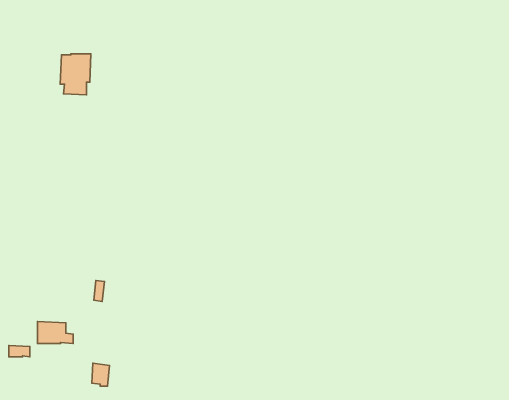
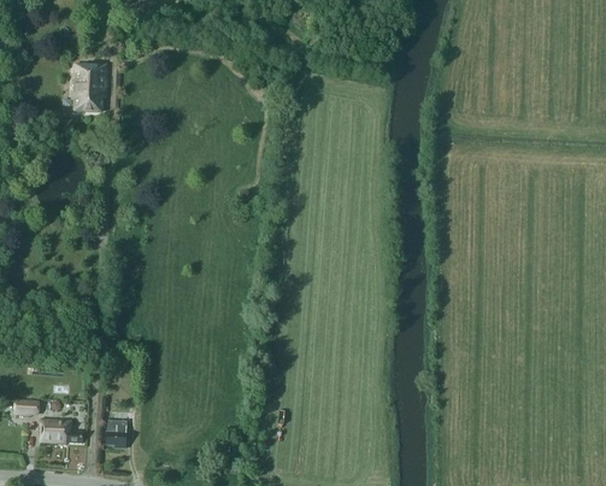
building: [38,322,73,344] -> [41,415,82,440]

